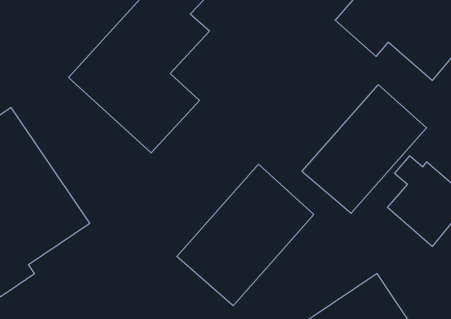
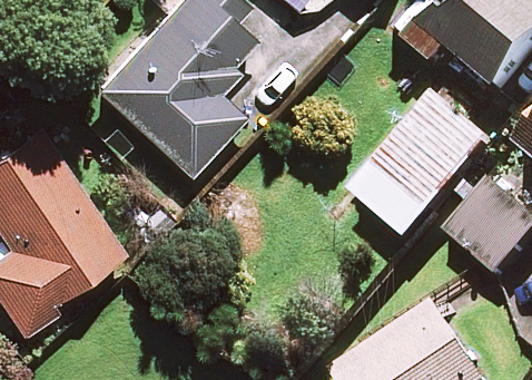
building: [177,164,314,306] -> none

